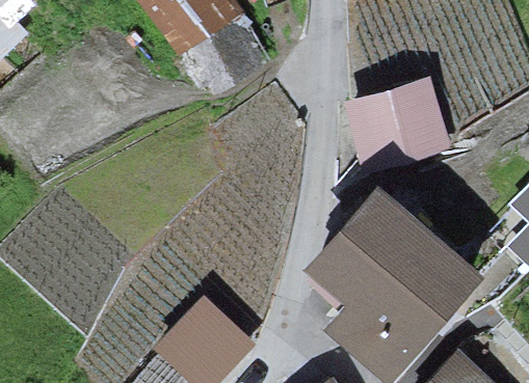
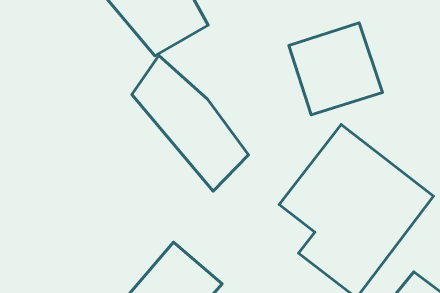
building: none -> [132,55,248,191]

